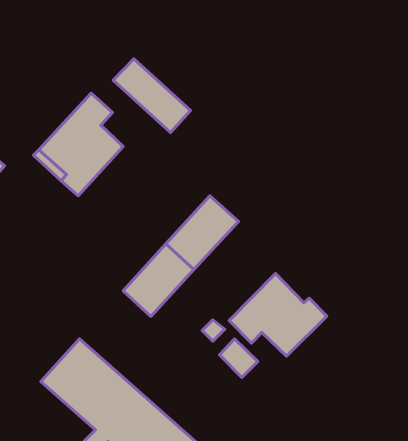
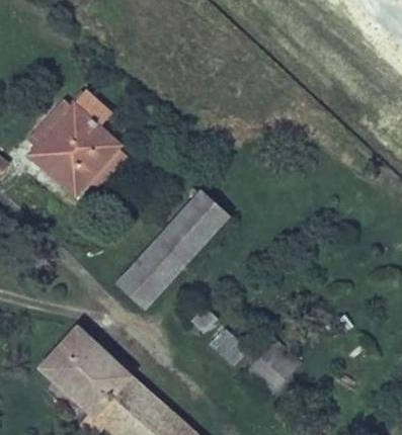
building: [113,59,190,132] -> none
building: [229,274,327,356] -> none

